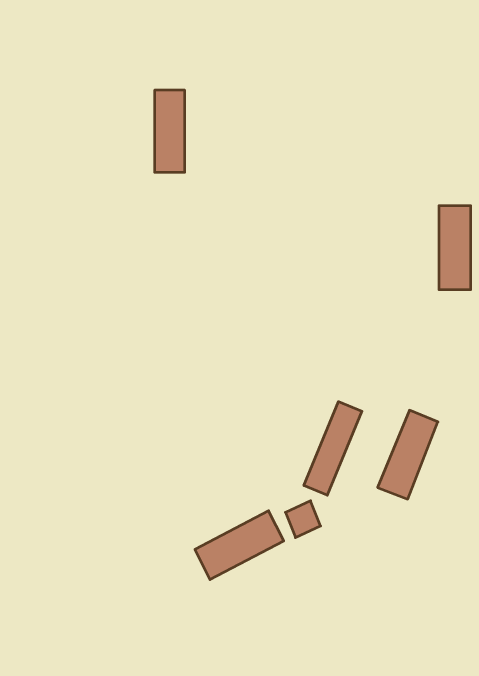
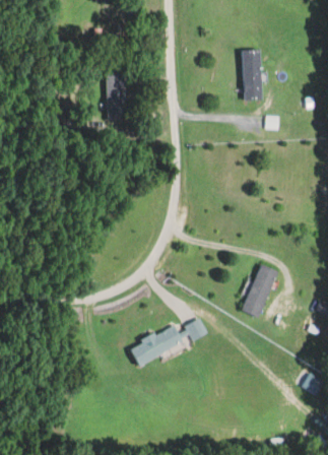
building: [439,206,471,290] -> [242,50,261,101]
building: [304,402,362,495] -> none

